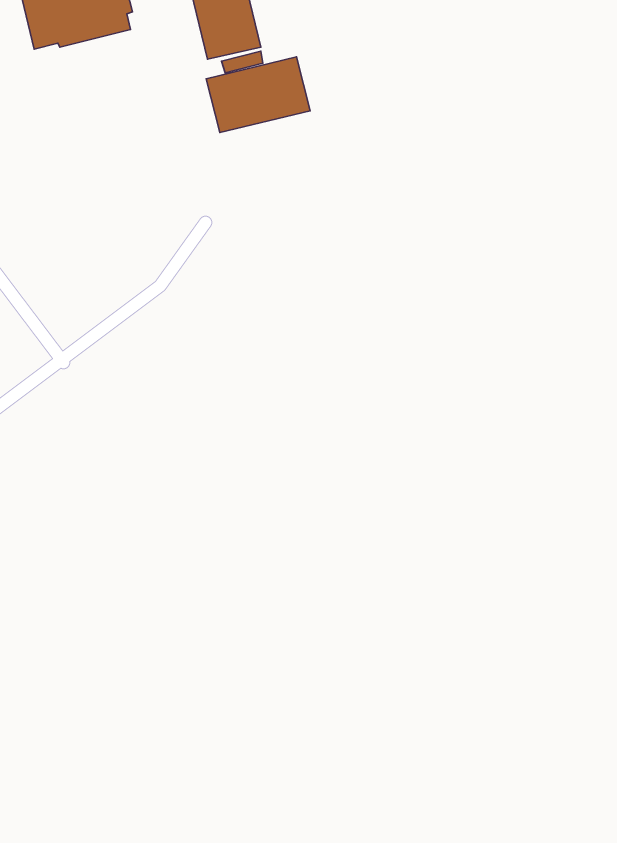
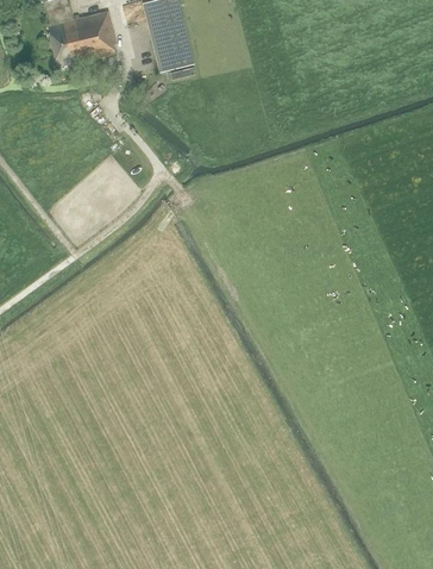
building: [206,57,310,133] -> none

